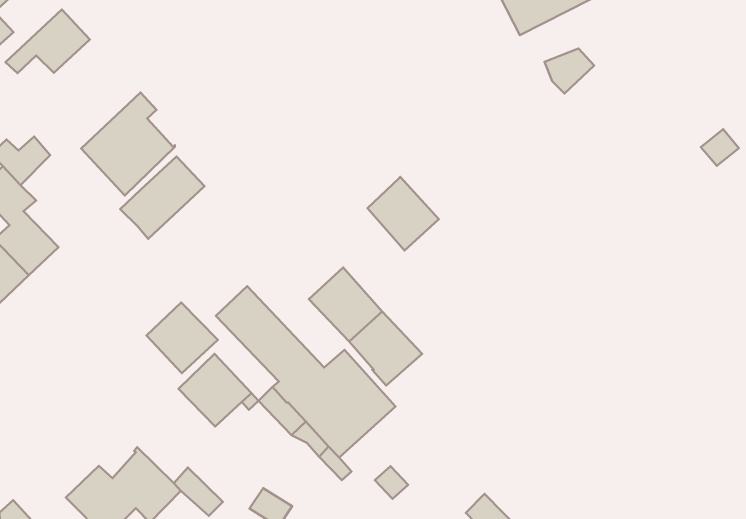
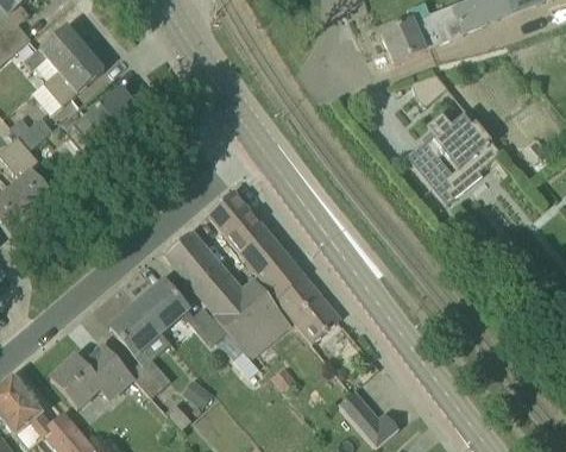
building: none -> [407,112,501,203]
building: [120,157,204,239] -> [43,48,105,106]
building: [367,177,439,251] -> [208,190,259,244]
building: [147,302,218,373] -> [109,303,161,354]
building: none -> [285,288,339,343]

